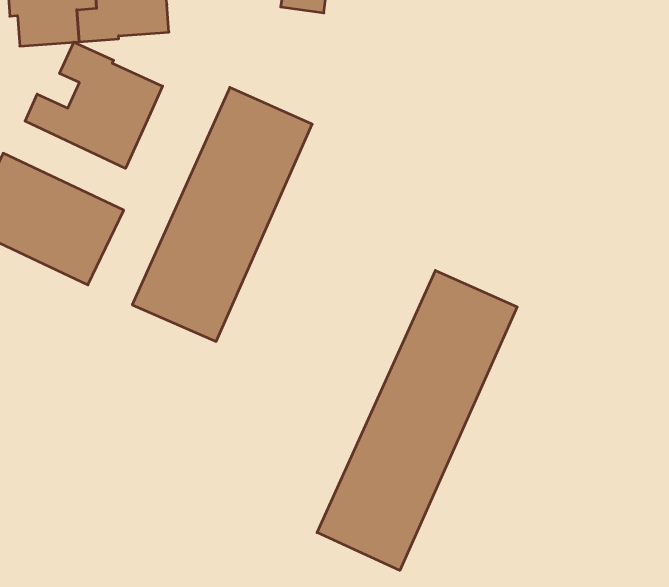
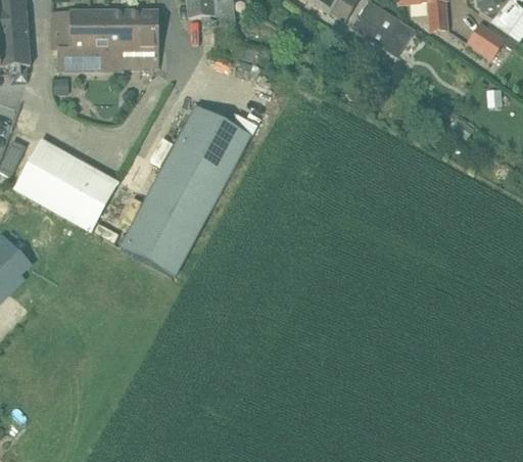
building: [25,42,163,168] -> none
building: [317,270,517,570] -> none

